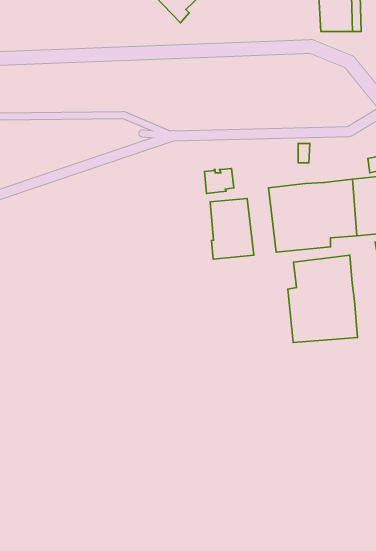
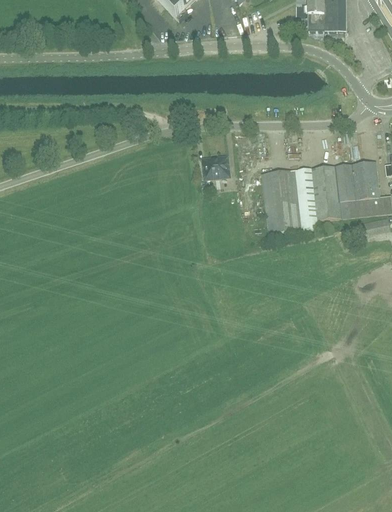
building: [210,198,254,259] -> none
building: [288,255,358,343] -> none

